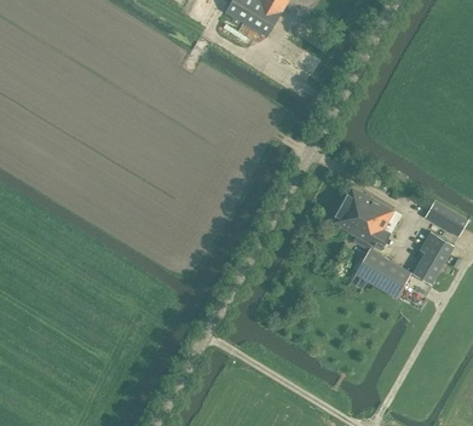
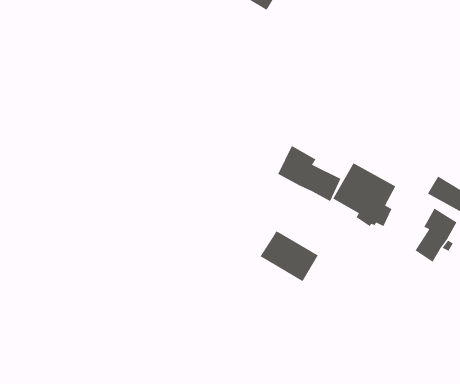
building: none -> [277,145,342,202]
building: [353,247,411,298] -> [260,231,319,282]

